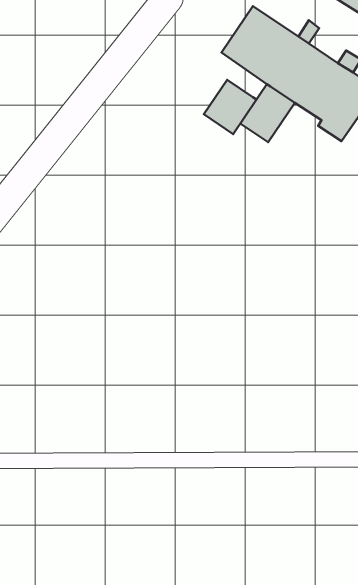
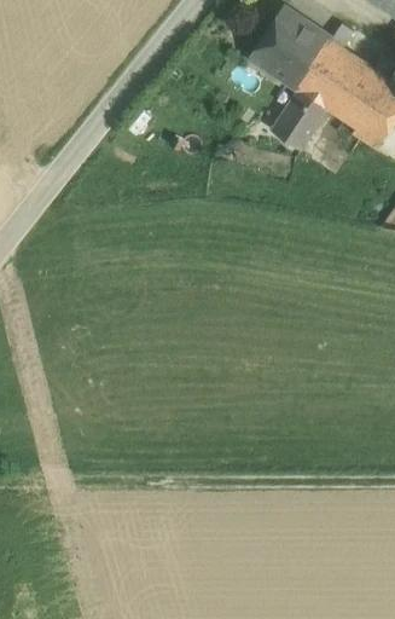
building: [204,80,256,134] -> none

